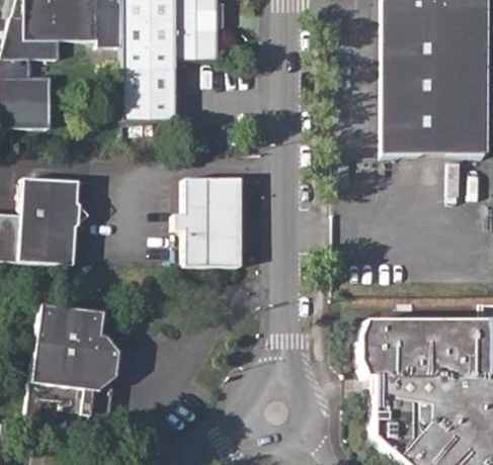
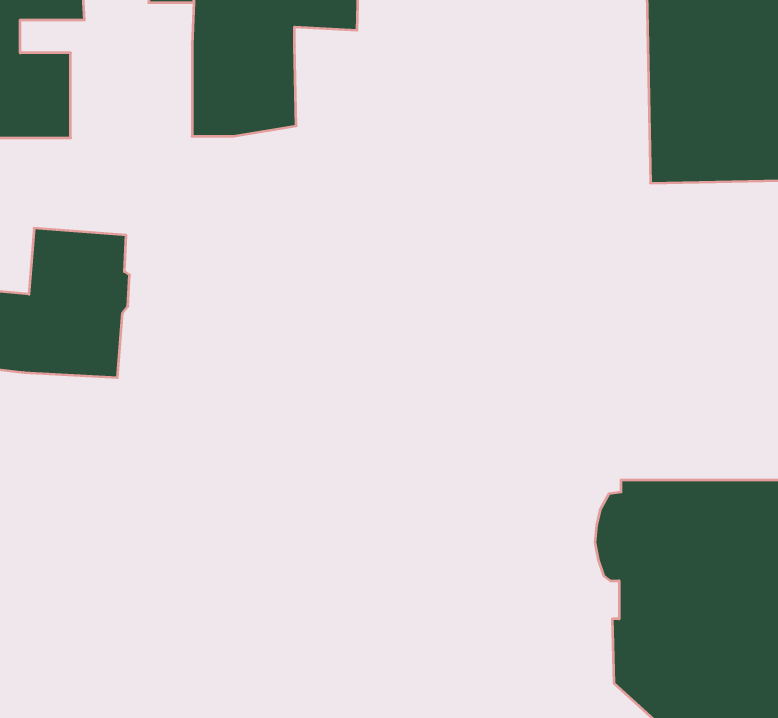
building: [171,179,242,266] -> none
building: [22,305,118,418] -> none

